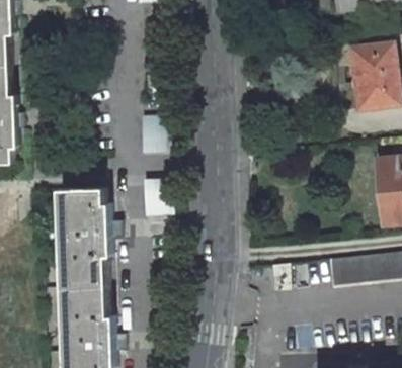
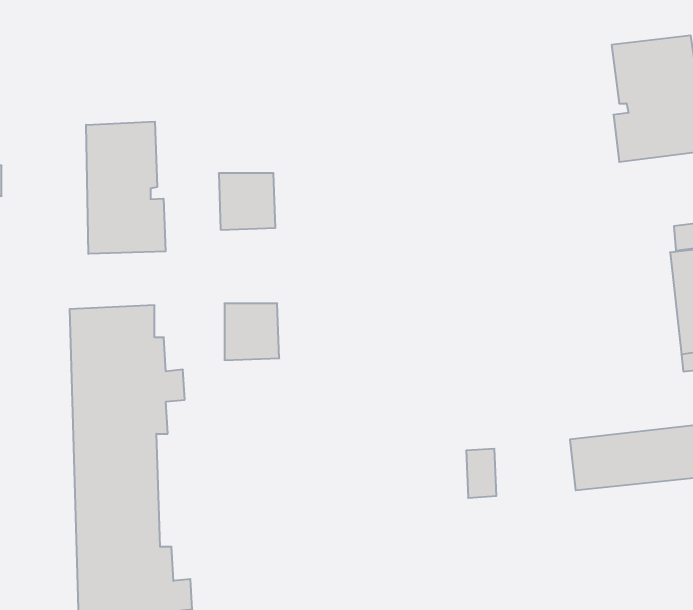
building: none -> [86,122,166,254]

